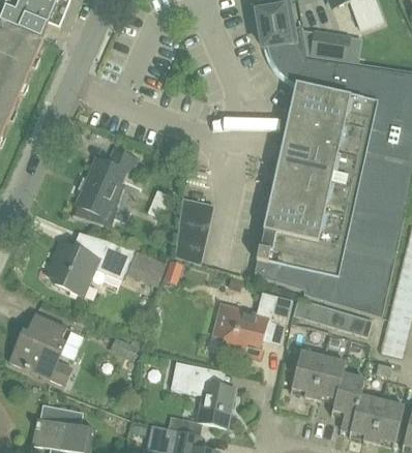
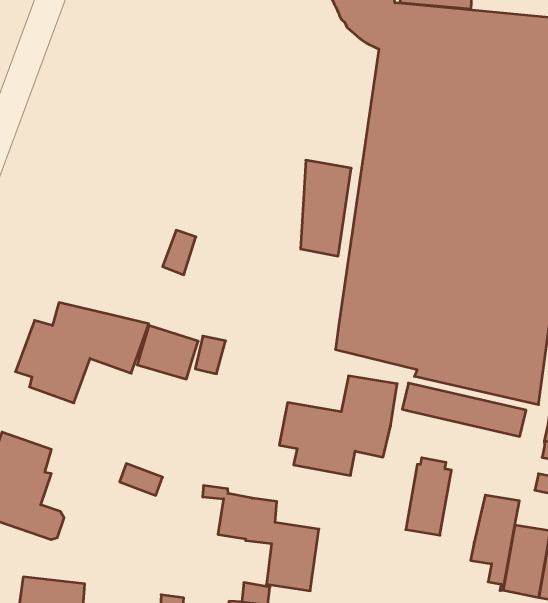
building: [72,147,137,223] -> none
building: [175,198,211,261] -> [301,160,351,256]
building: [313,355,346,402] -> none

